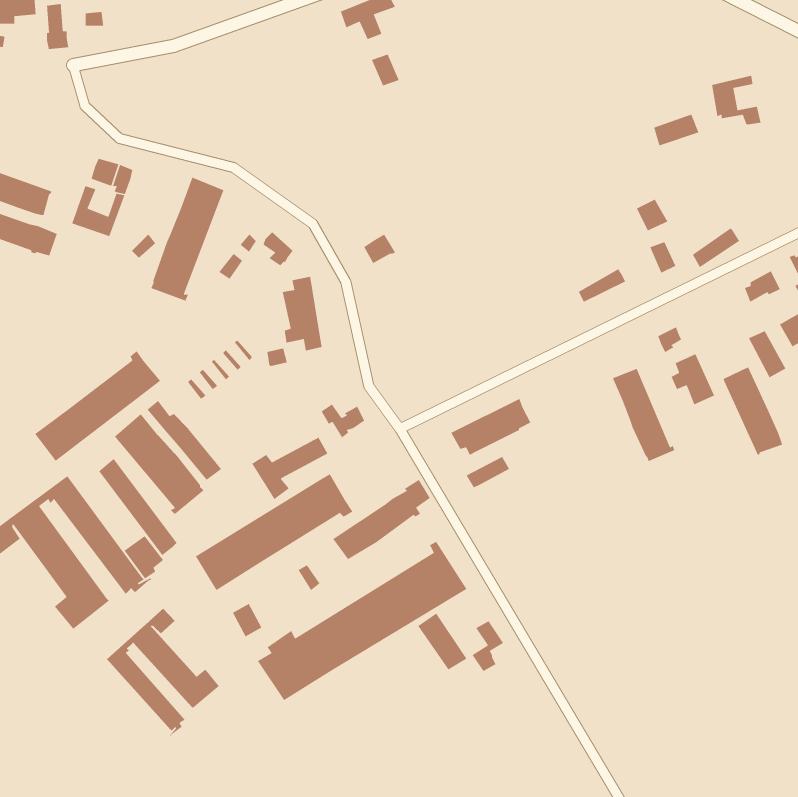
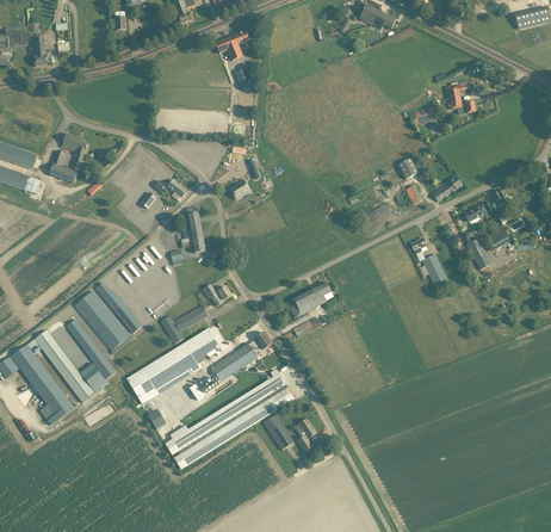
building: [150,176,224,302] -> none
building: [34,350,161,462] -> none
building: [723,366,783,455] -> none
building: [612,368,676,462] -> none
building: [106,608,220,738] -> none

